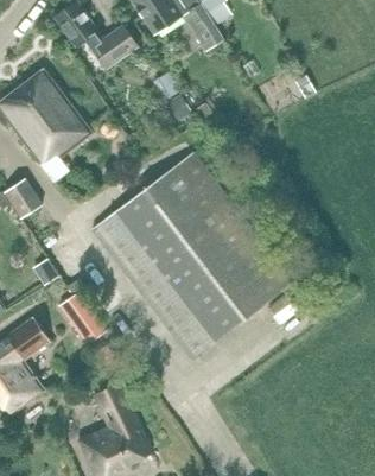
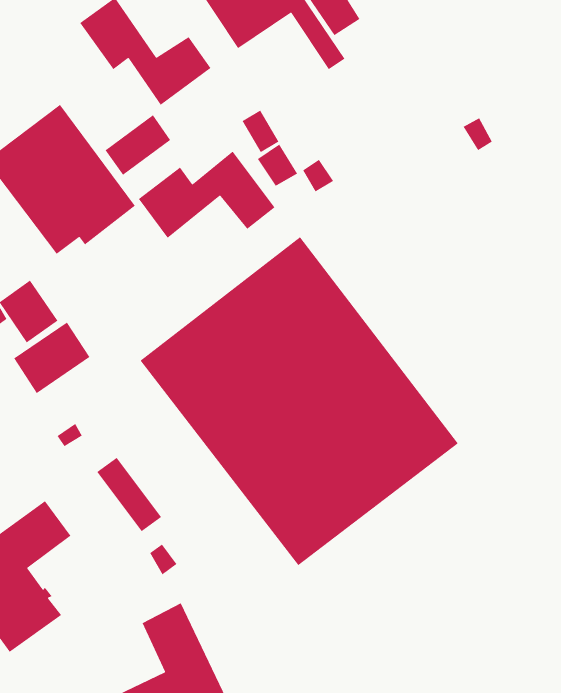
building: none -> [105,114,171,176]
building: none -> [138,150,275,239]
building: none -> [13,321,90,394]

